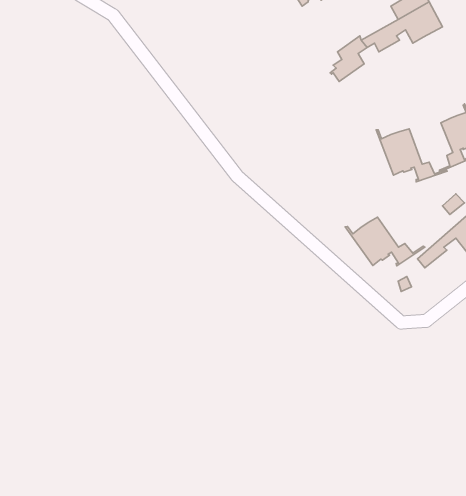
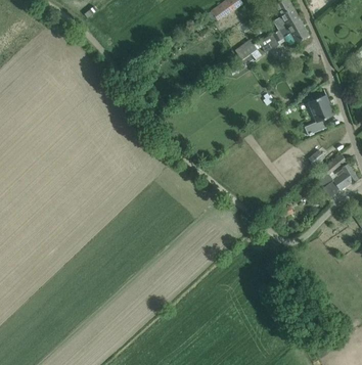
building: [376,129,447,182] -> none
building: [345,217,425,266] -> none

